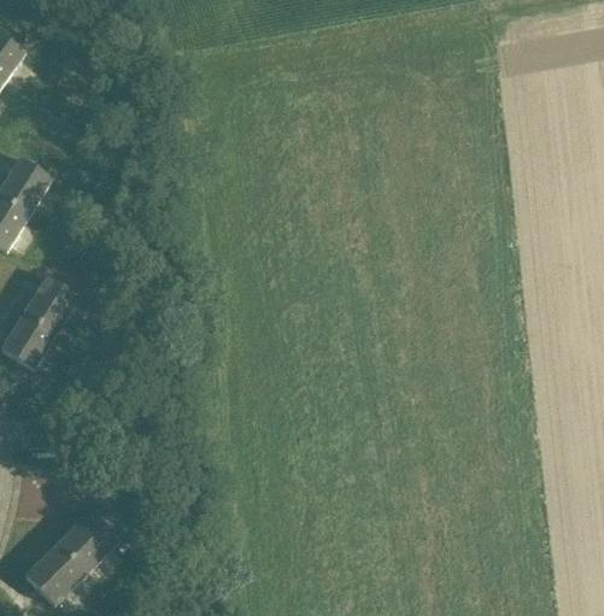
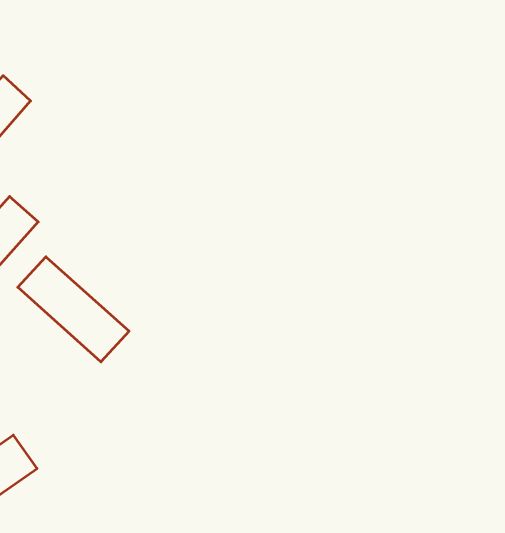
building: none -> [18,257,129,362]

